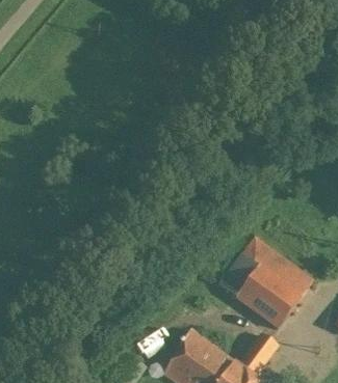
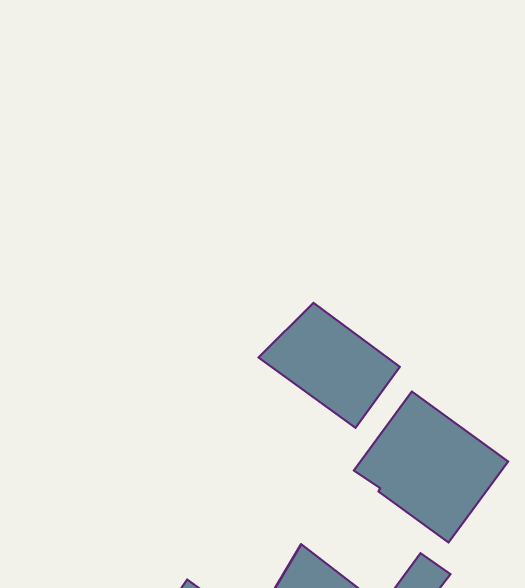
building: none -> [259,303,400,428]

